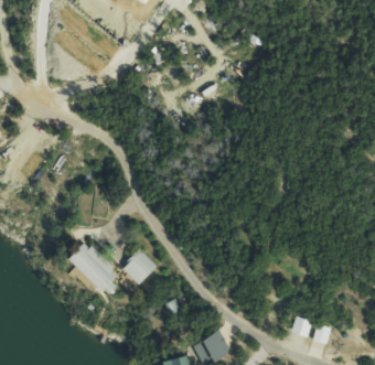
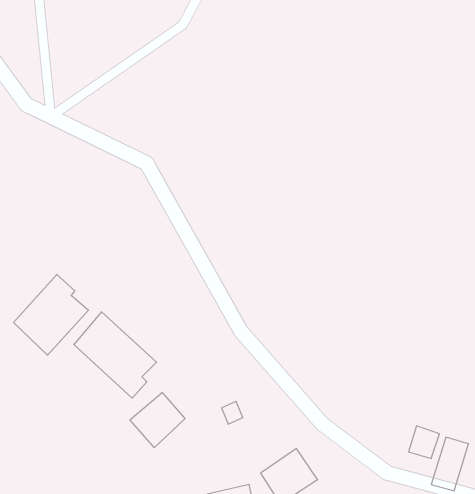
building: none -> [14,274,89,355]
building: [121,248,159,286] -> [130,392,185,448]

